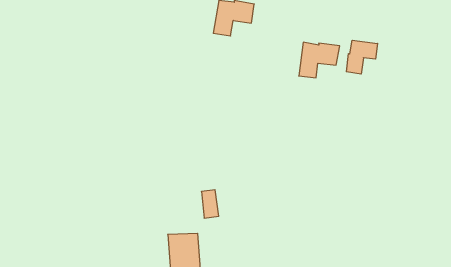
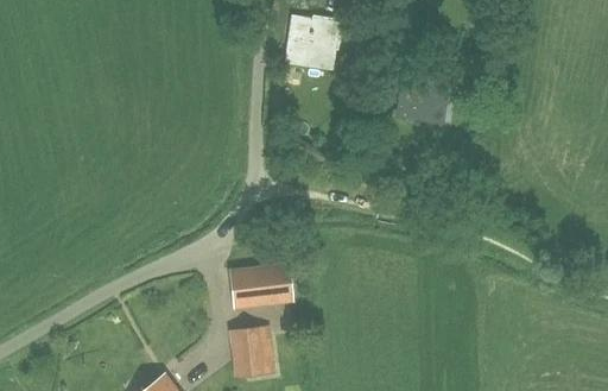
building: [346,40,378,74] -> none
building: none -> [233,269,276,308]

